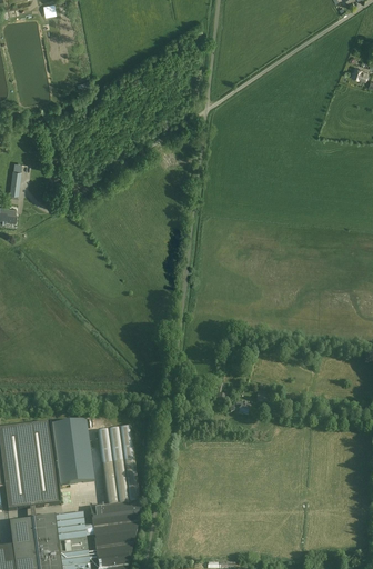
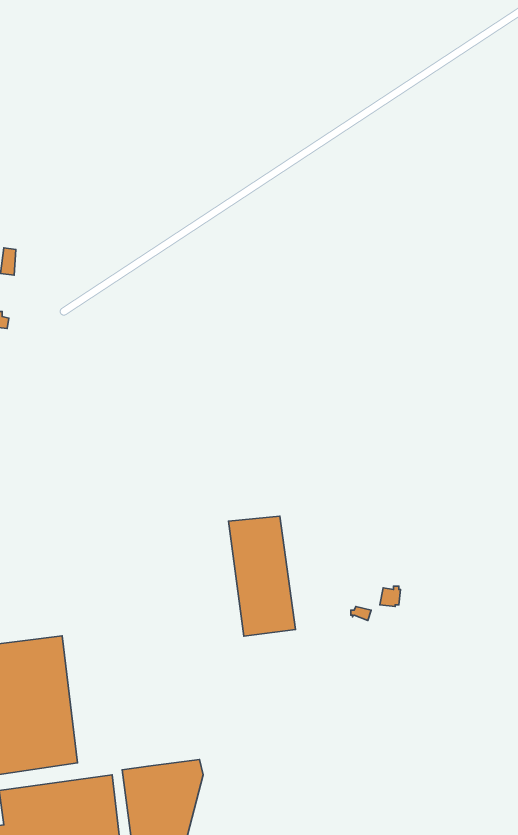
building: [53,417,95,482] -> none
building: [97,426,140,503] -> [228,516,295,636]

